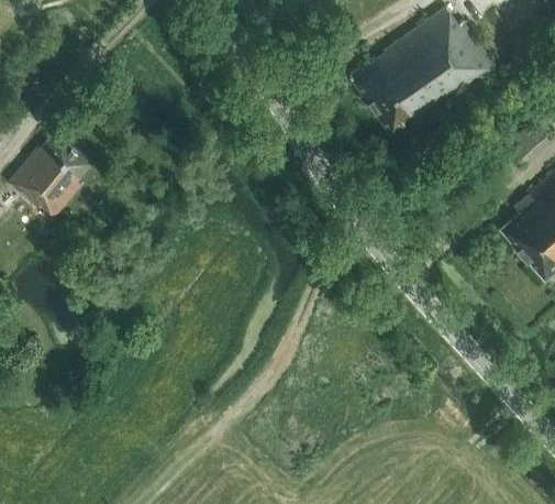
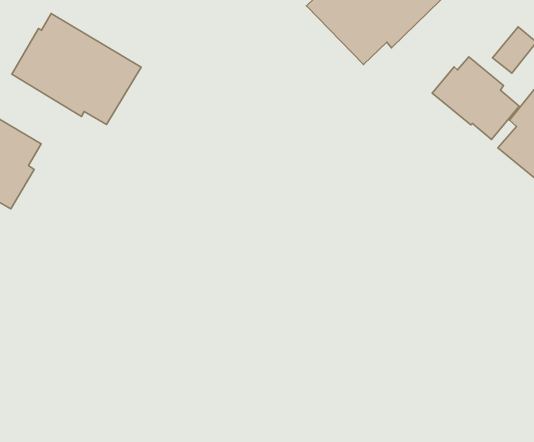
building: none -> [12,14,141,124]
building: none -> [432,57,519,139]

